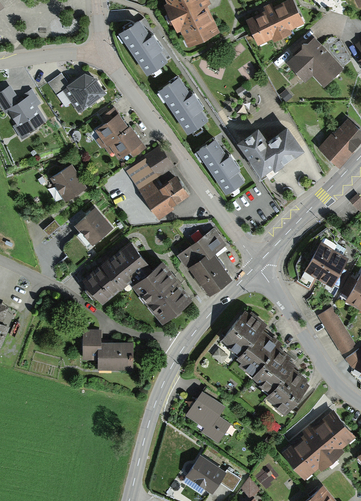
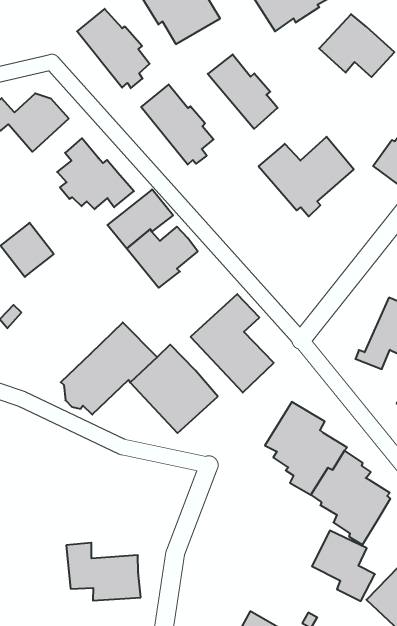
building: [196,139,243,193] -> [208,54,278,129]
building: [74,207,112,245] -> none
building: [83,330,133,372] -> [66,543,141,601]
building: [186,392,230,444] -> [312,531,375,601]

